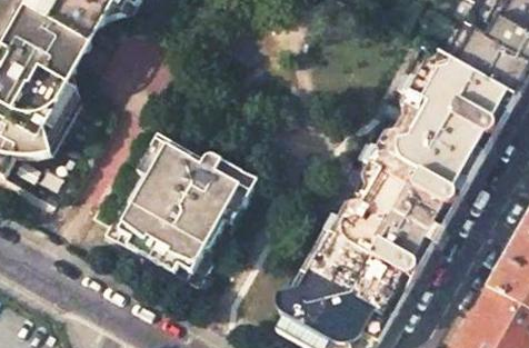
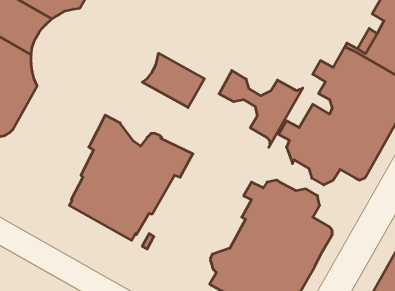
building: none -> [142,53,204,108]
building: [359,185,455,272] -> [219,70,303,147]

